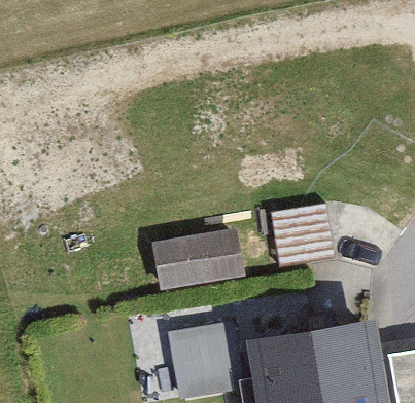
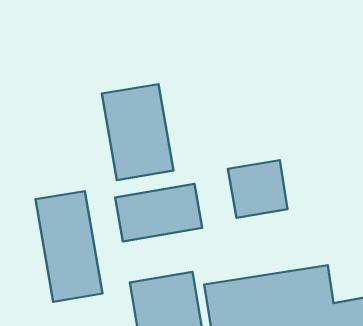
building: none -> [102,84,174,180]
building: none -> [35,191,103,302]

